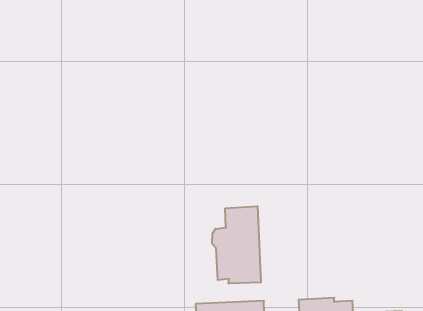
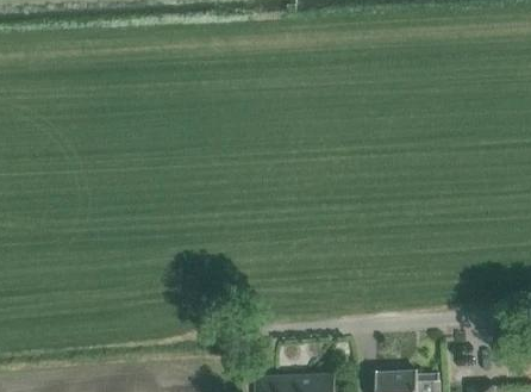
building: [212,206,261,284] -> none

